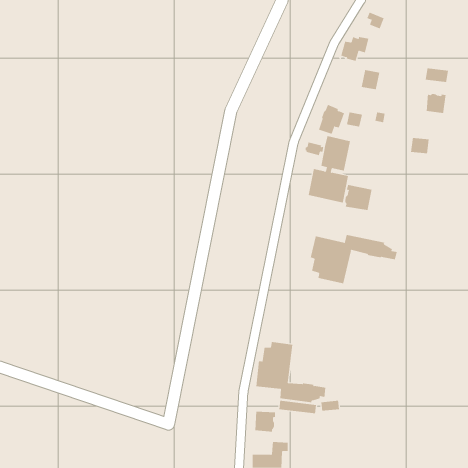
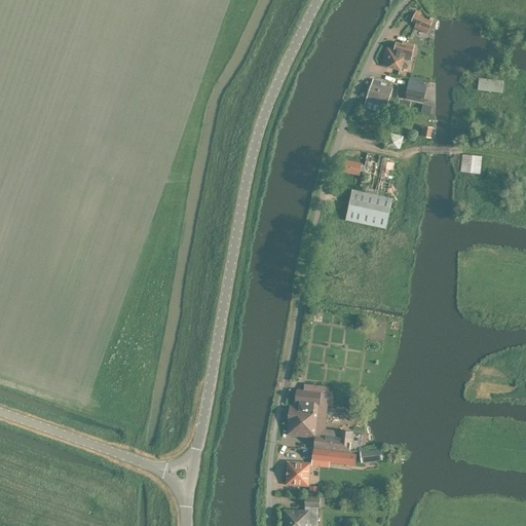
building: [426,93,446,114] -> none
building: [318,104,345,134] -> [363,78,392,112]
building: [345,184,372,211] -> none
building: [310,234,398,284] -> none

